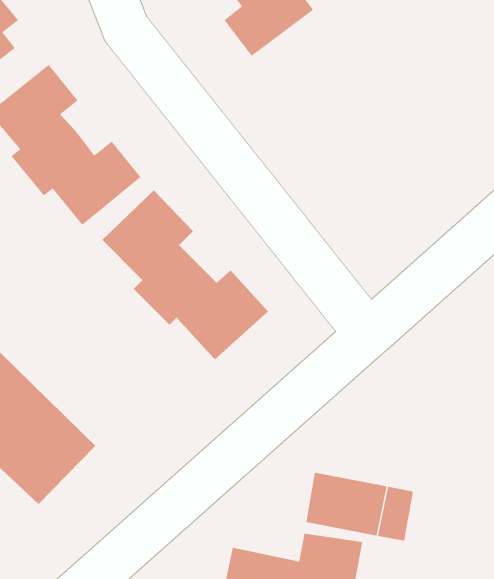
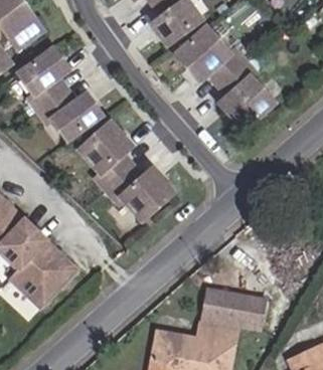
building: none -> [172,29,278,140]

